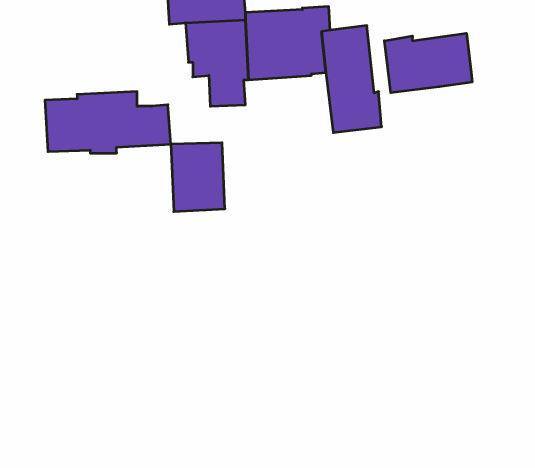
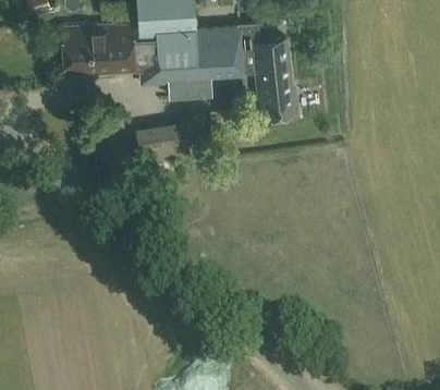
building: [384,33,472,93] -> none
building: [45,92,171,153] -> [61,26,155,72]

